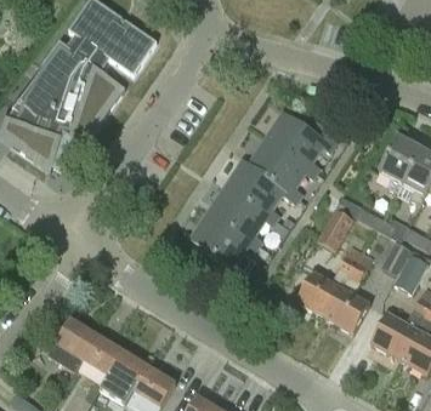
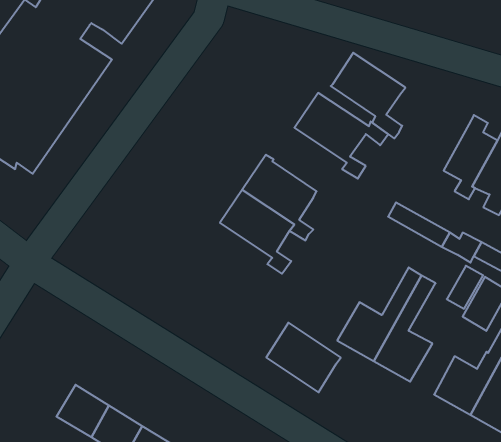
building: [248,138,305,204] -> [331,53,405,138]
building: [317,209,355,252] -> none
building: [191,211,248,264] -> [266,323,341,392]
building: [47,318,97,371] -> none

